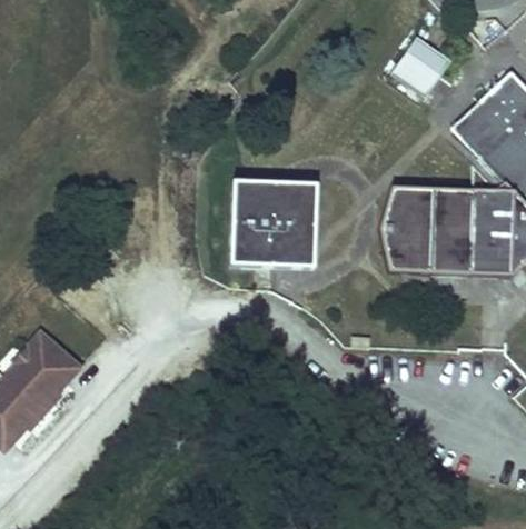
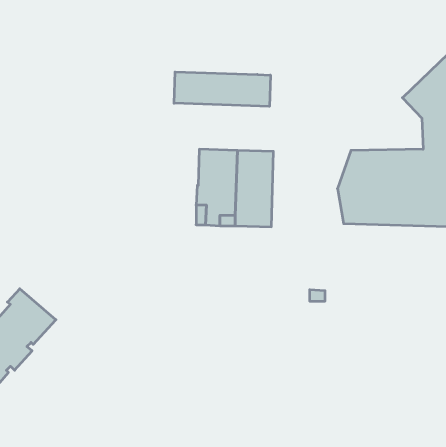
building: [391,37,451,98] -> none
building: none -> [174,72,270,106]

